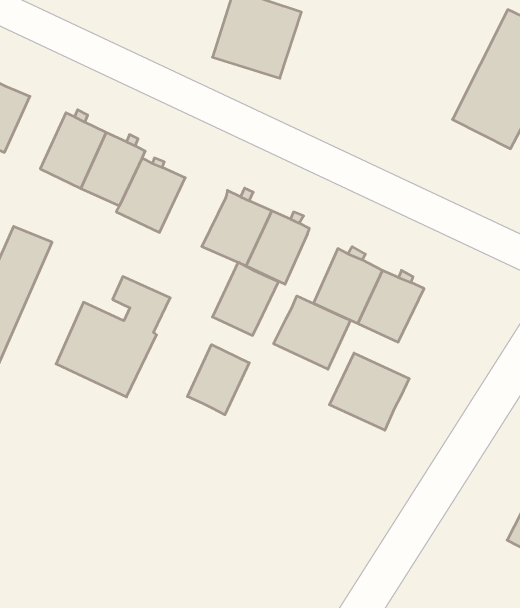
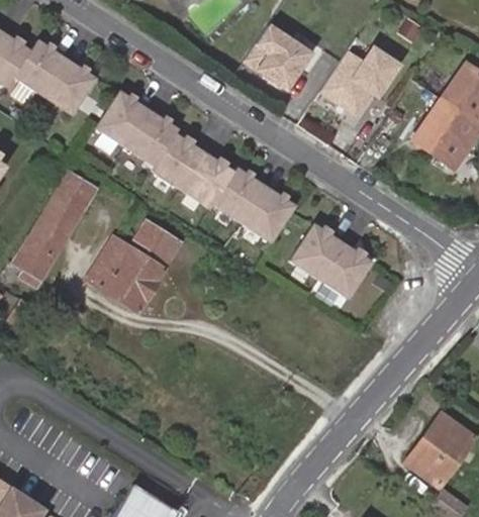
building: none -> [322,46,399,113]
building: [212,262,279,335] -> [180,153,233,210]
building: [274,296,350,369] -> none
building: [187,345,249,415] -> none
building: [329,353,409,430] -> none

